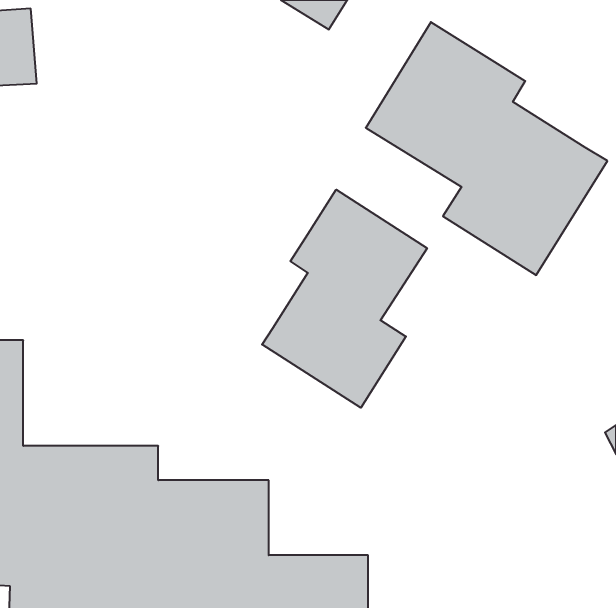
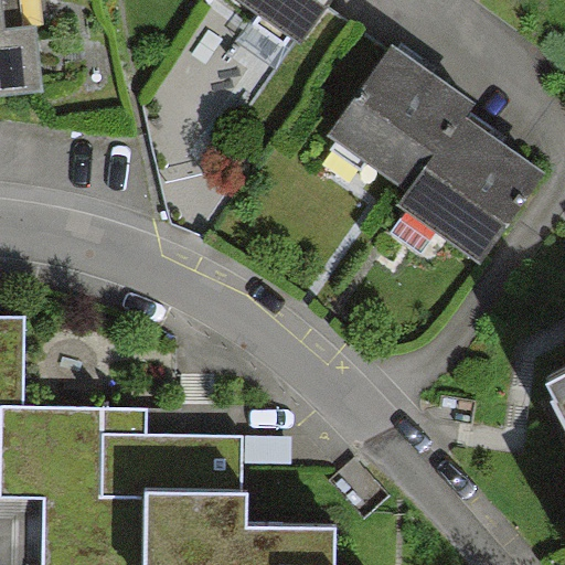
building: [262,190,427,408] -> none

